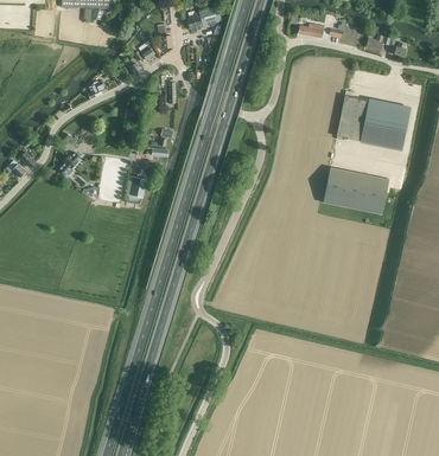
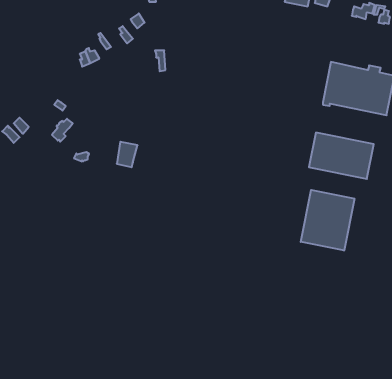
building: none -> [301,190,354,251]

